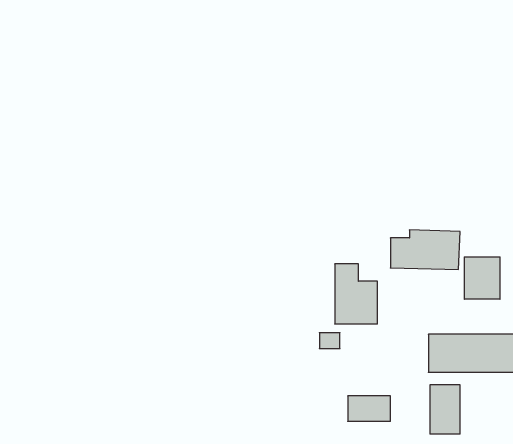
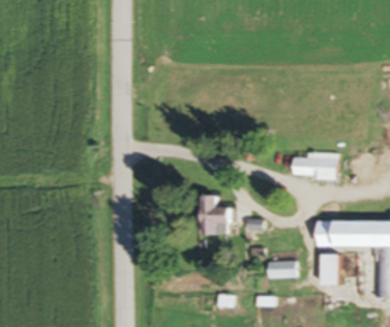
building: [464,257,500,299] -> none
building: [335,264,377,324] -> [202,195,230,234]

